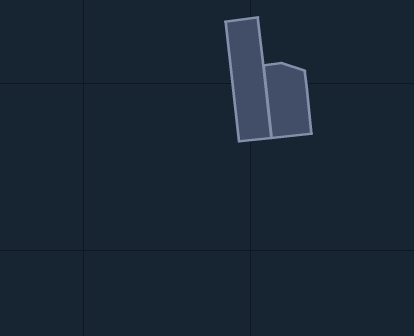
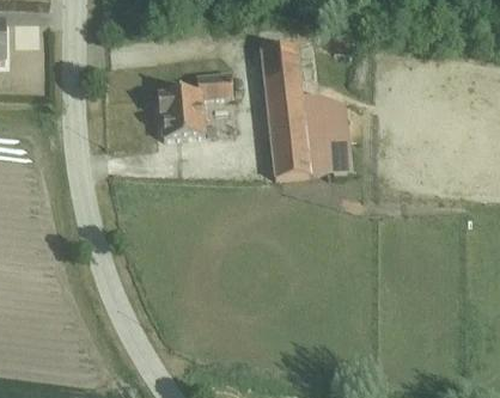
building: none -> [157,68,233,134]

